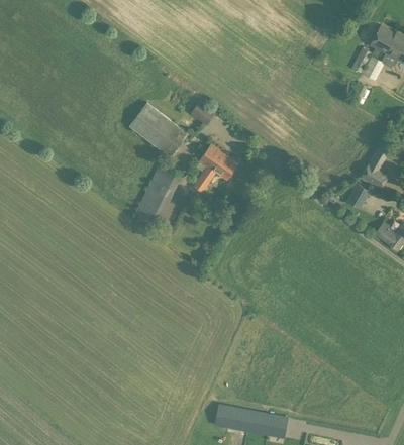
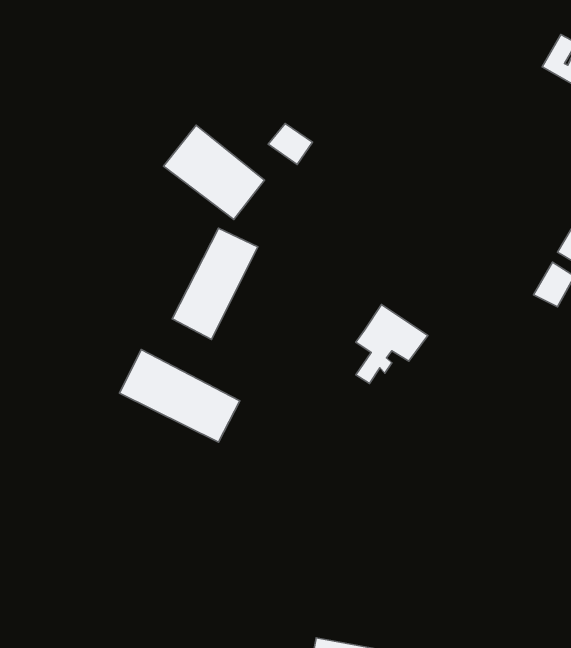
building: [194,144,236,191] -> [356,305,428,383]
building: none -> [119,350,240,442]

